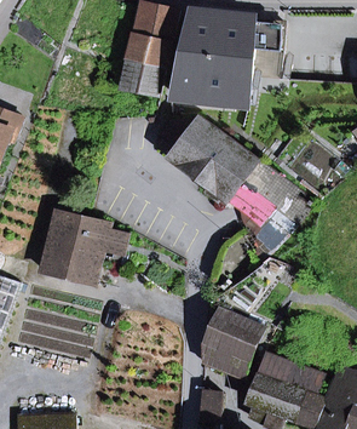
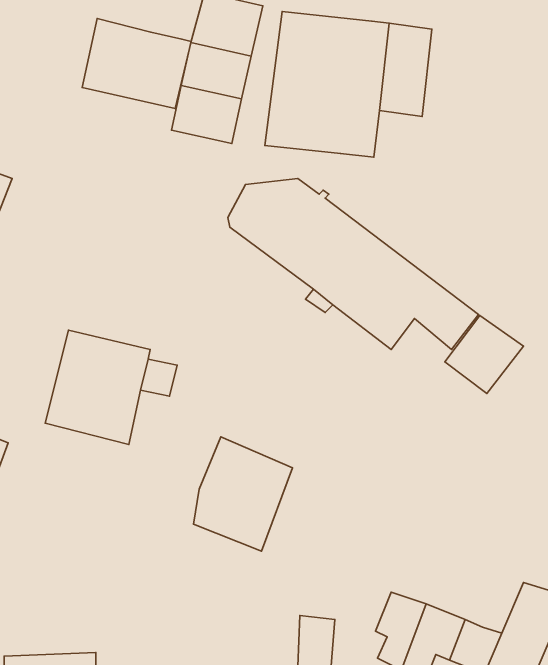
building: none -> [82,18,191,109]
building: none -> [445,315,523,394]
building: [202,308,264,379] -> [193,437,293,551]
building: [258,354,323,397] -> none

